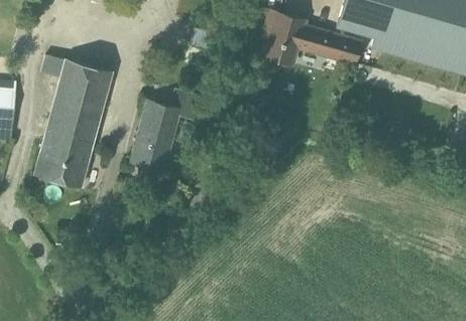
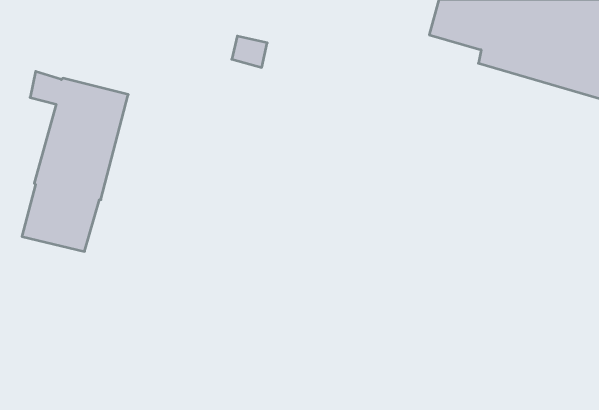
building: [264,13,363,64] -> none
building: [128,99,183,174] -> none

